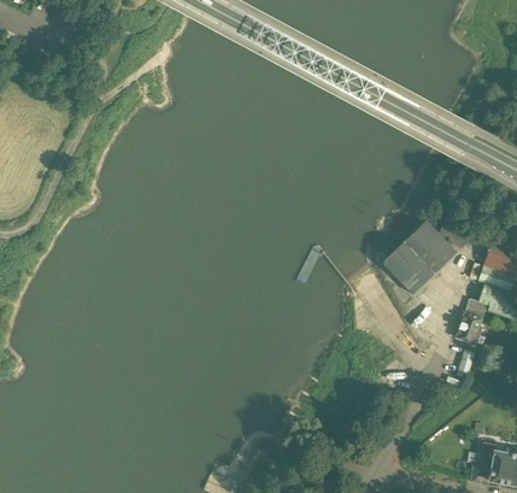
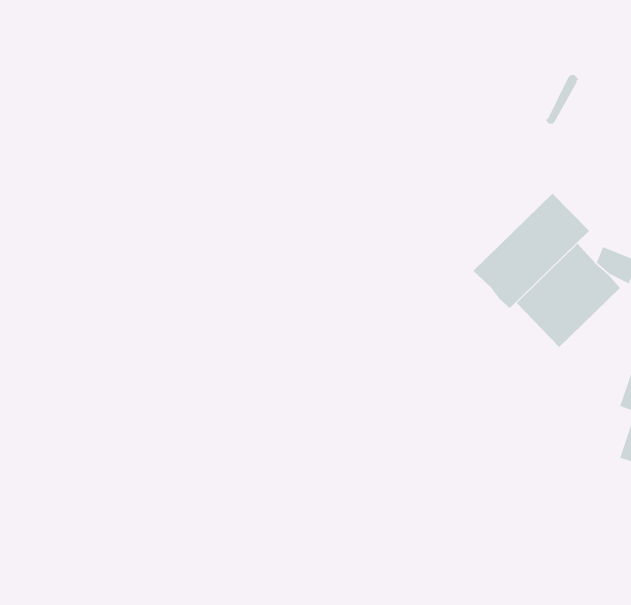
building: none -> [472,193,590,309]

